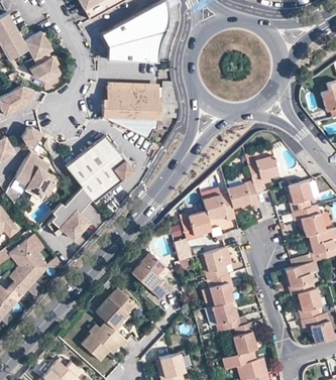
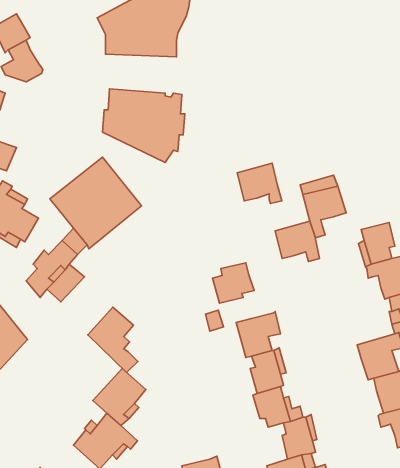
building: [204,192,236,221] -> [237,163,282,204]
building: [131,252,167,299] -> [88,307,138,373]

